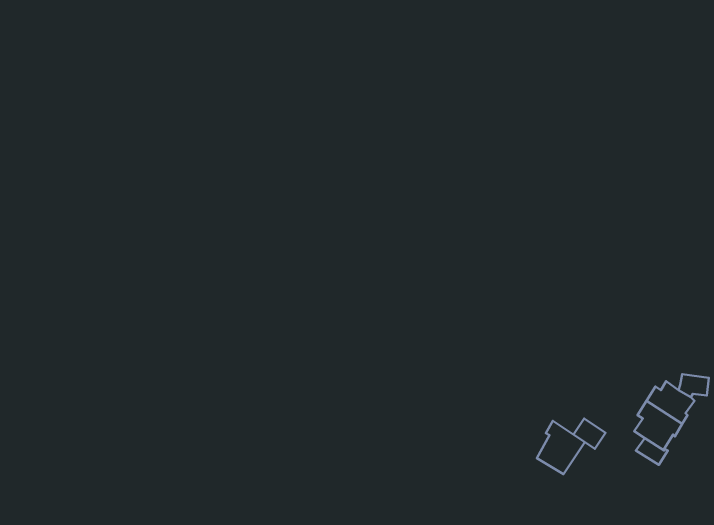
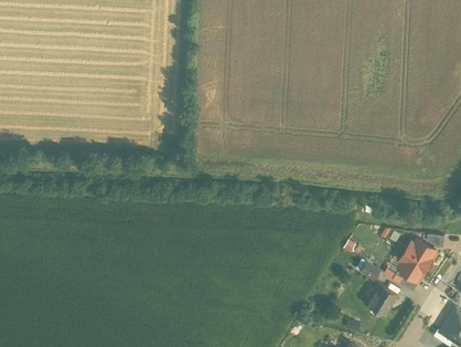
building: [537,421,585,474] -> [368,282,398,315]

